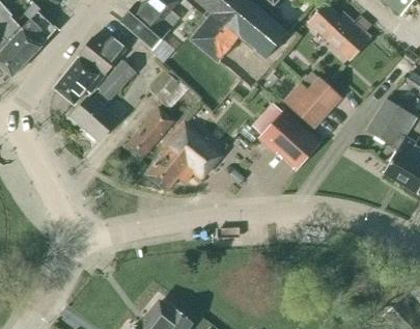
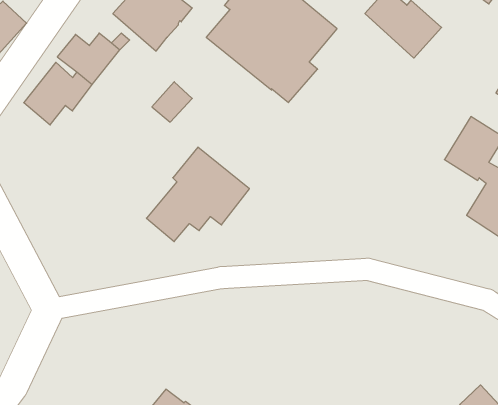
building: [71,61,135,141] -> none
building: [284,78,341,129] -> none
building: [124,107,174,161] -> none
building: [258,109,321,171] -> none

